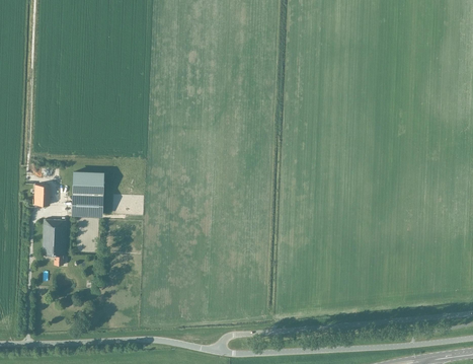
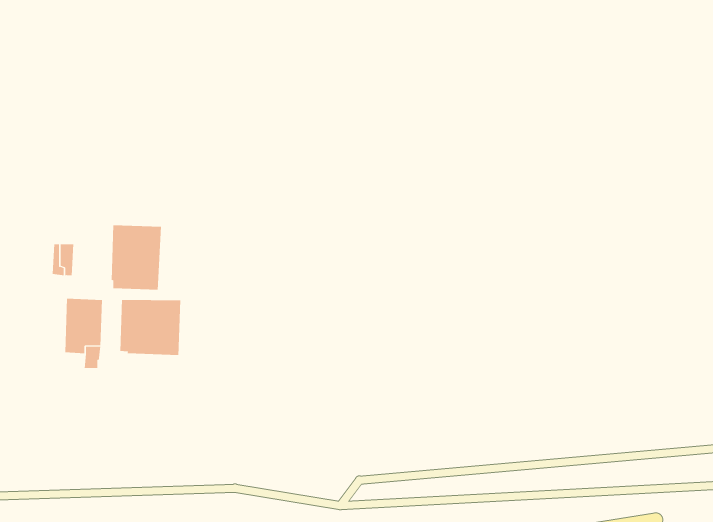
building: none -> [120,299,181,356]

